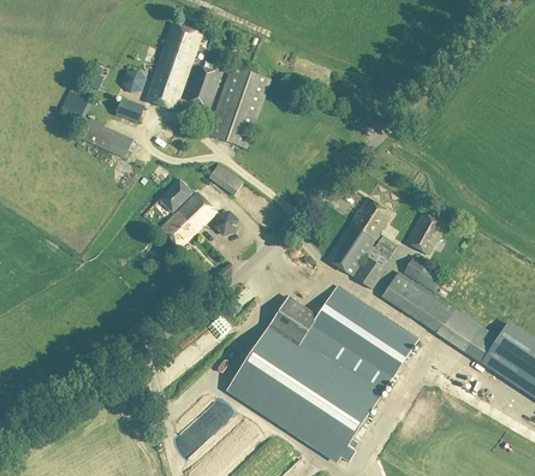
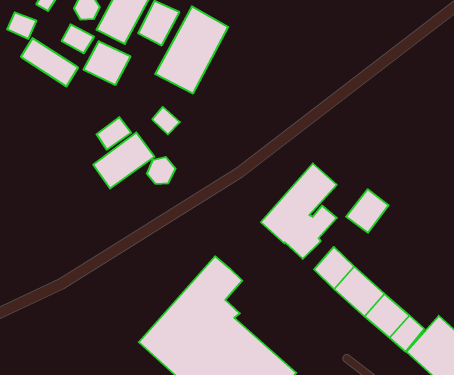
building: none -> [84,41,130,85]
building: [403,256,444,291] -> none
building: [303,286,417,391] -> none

